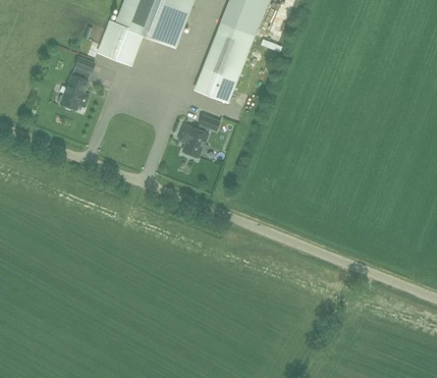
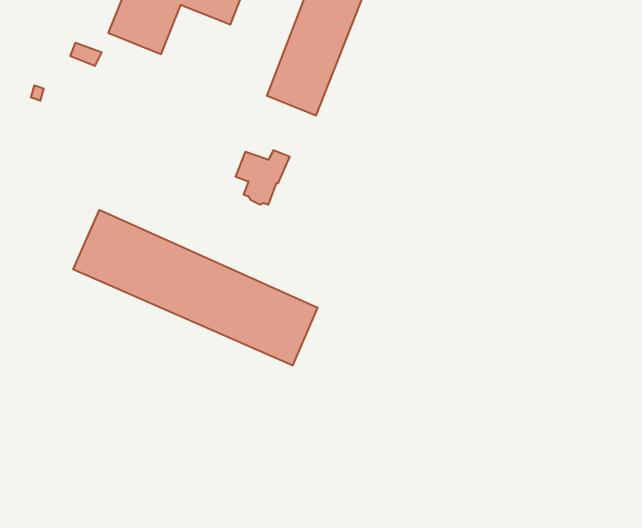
building: [59,73,88,108] -> none
building: none -> [73,210,318,365]

